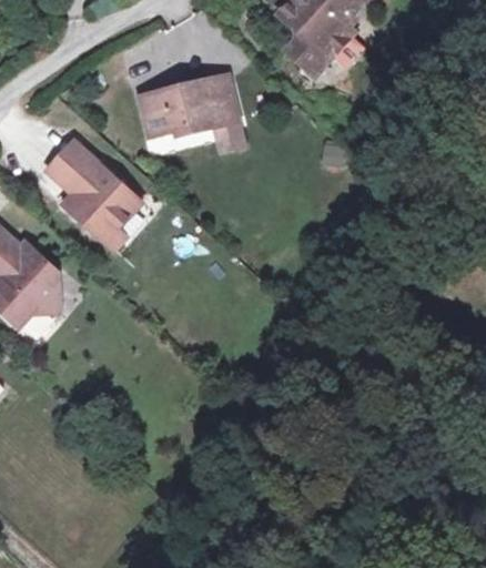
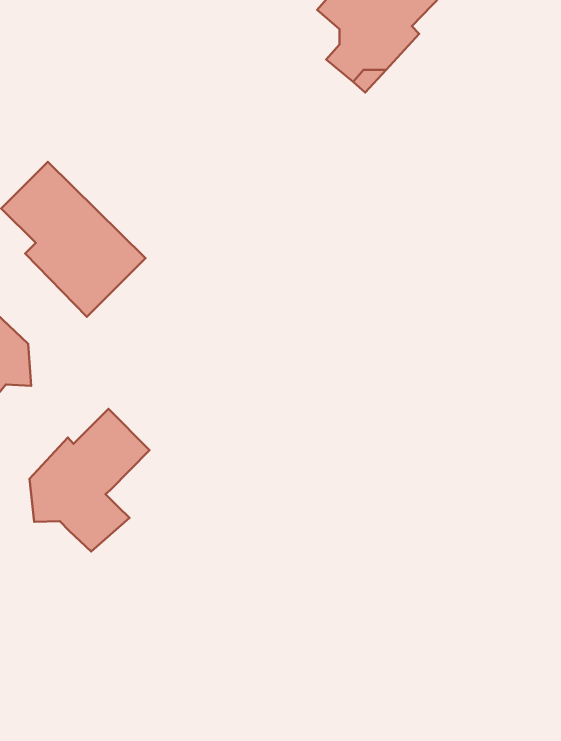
building: [133,82,229,141] -> none
building: none -> [29,409,149,552]

